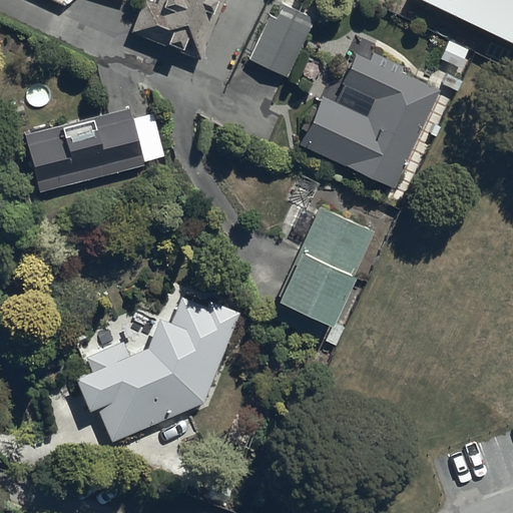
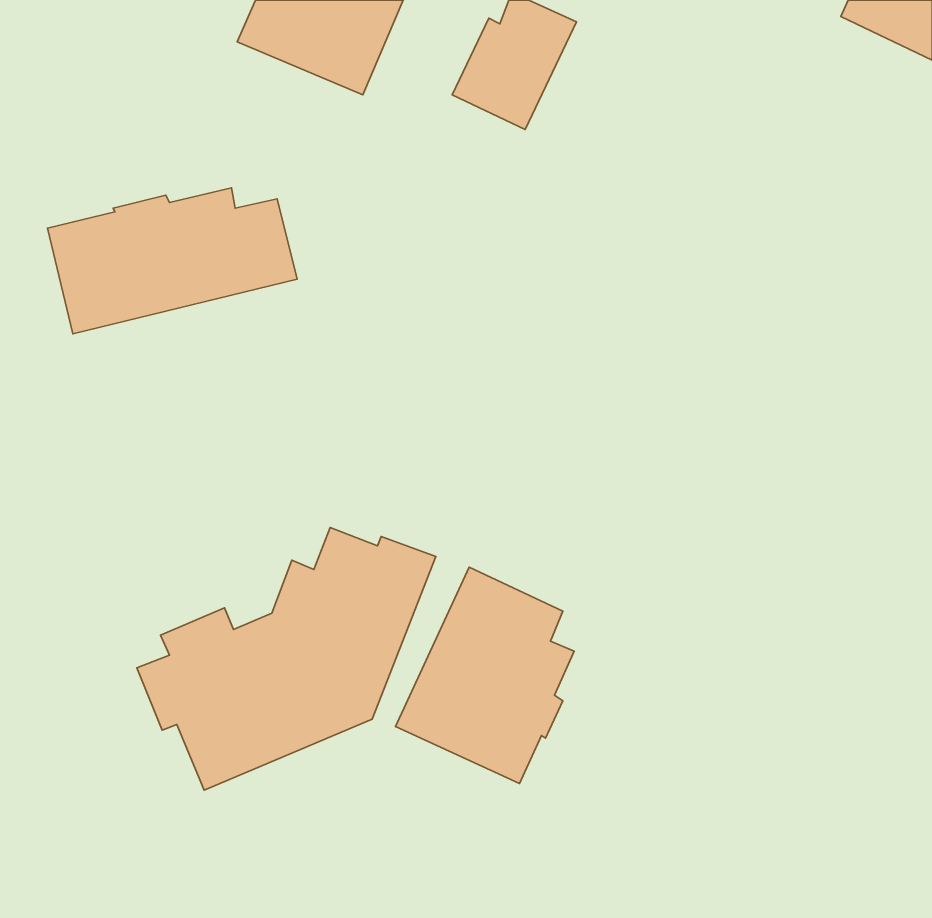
building: [300,47,439,186] -> none
building: [281,208,373,317] -> none
building: none -> [396,567,574,784]

